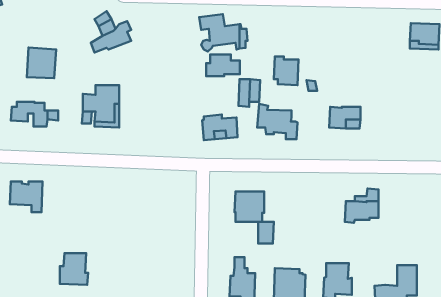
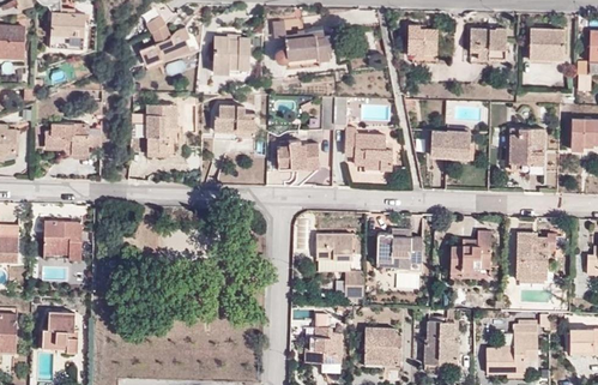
building: none -> [470,28,506,60]
building: none -> [213,37,250,74]
building: [27,48,56,78] -> [49,12,85,49]
building: [206,54,240,76] -> [215,106,255,132]
building: [274,57,298,85] -> [407,25,437,60]
building: none -> [509,128,545,173]
building: none -> [515,231,549,278]
building: none -> [377,233,423,272]
building: [60,253,88,285] -> [43,313,78,351]

